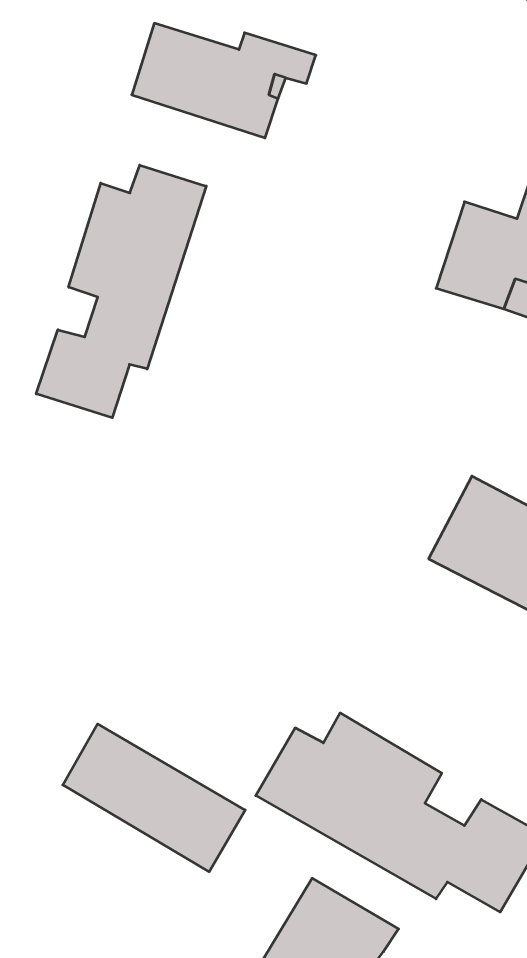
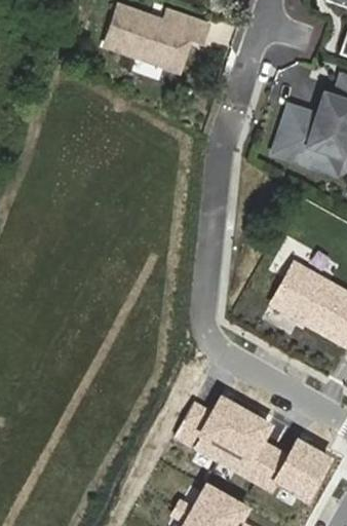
building: [36,165,206,418] -> none
building: [63,724,245,872] -> none

